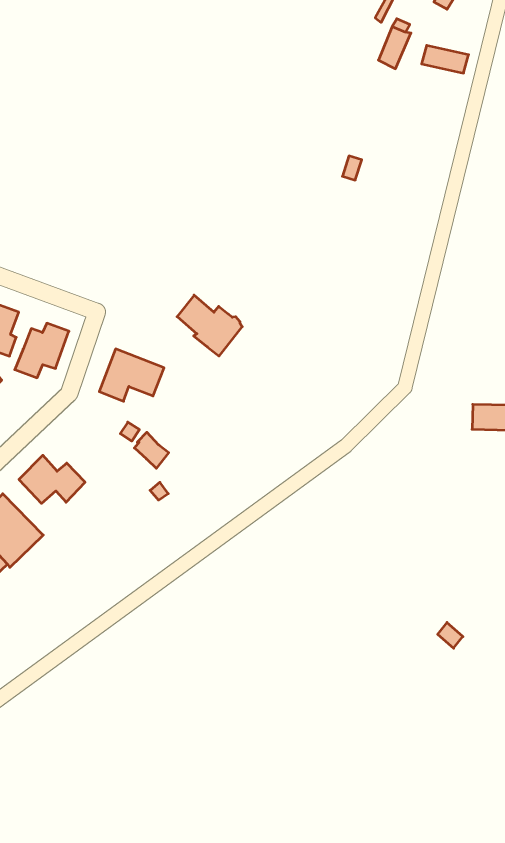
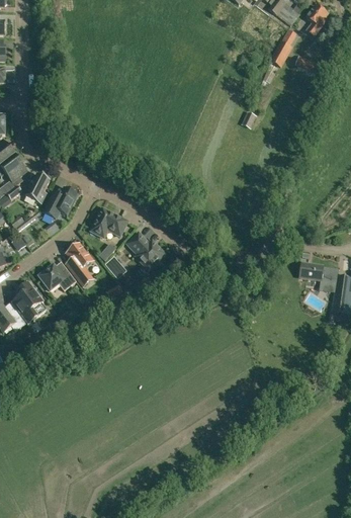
building: [177,295,242,356] -> [127,232,164,268]
building: none -> [66,243,93,285]

